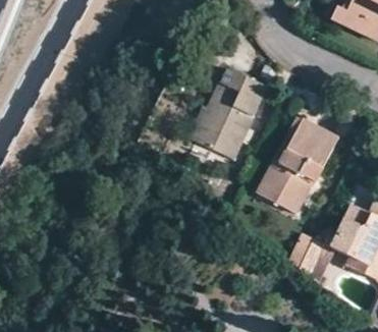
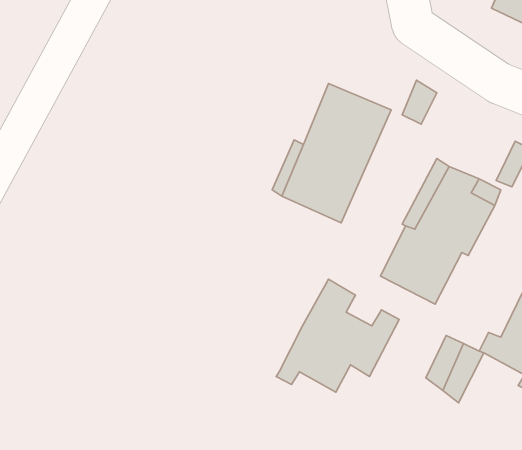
building: none -> [276,279,399,392]

